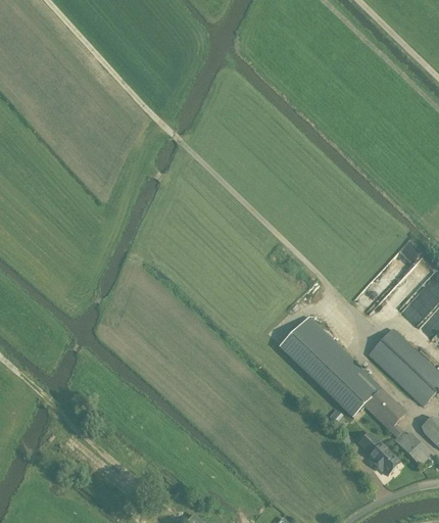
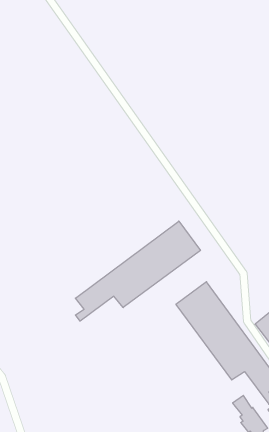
building: none -> [75,221,200,321]

